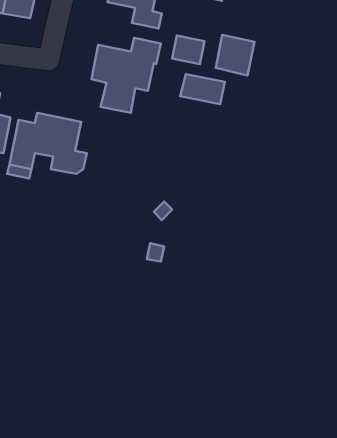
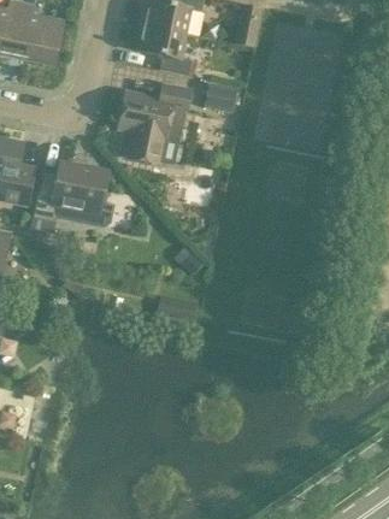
building: [216,35,255,76] -> none
building: [180,74,225,104] -> none

